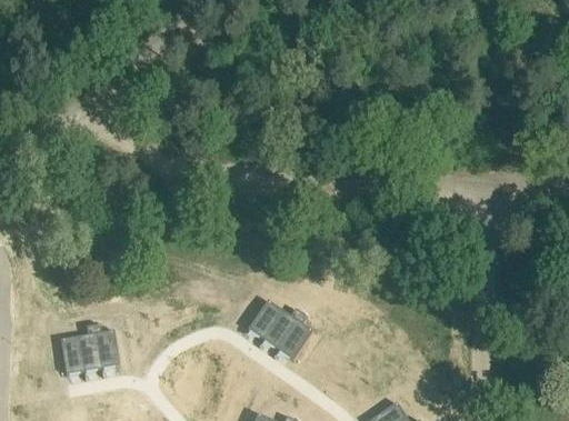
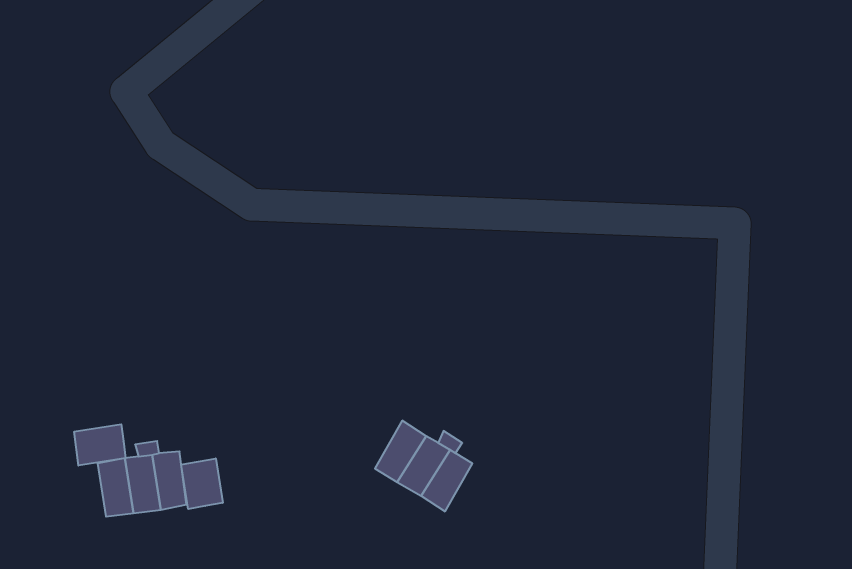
building: none -> [74,424,126,466]
building: none -> [181,458,223,509]

